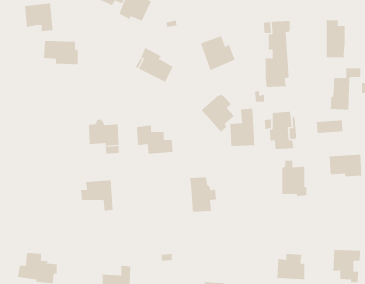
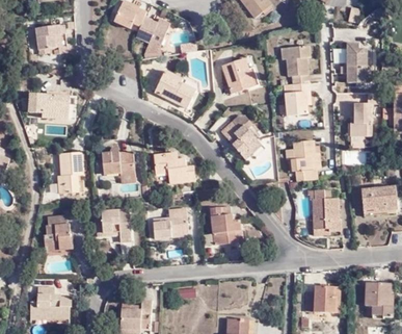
building: [43,40,79,65] -> [29,94,66,120]
building: none -> [55,152,82,192]
building: none -> [152,209,186,239]
building: none -> [43,215,72,252]

